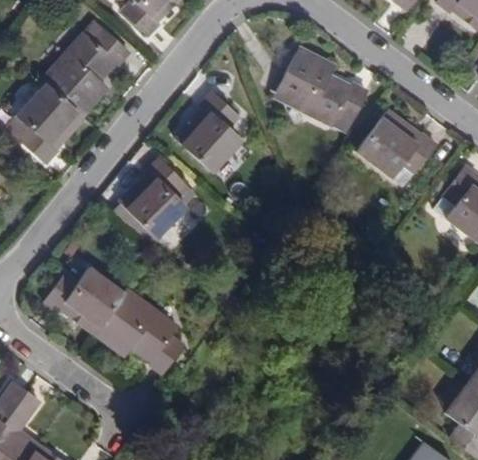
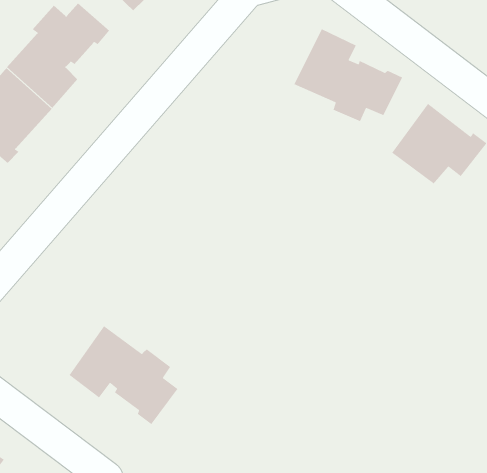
building: [176,94,241,171] -> none
building: [126,159,192,238] -> none
building: [46,268,123,333] -> none

